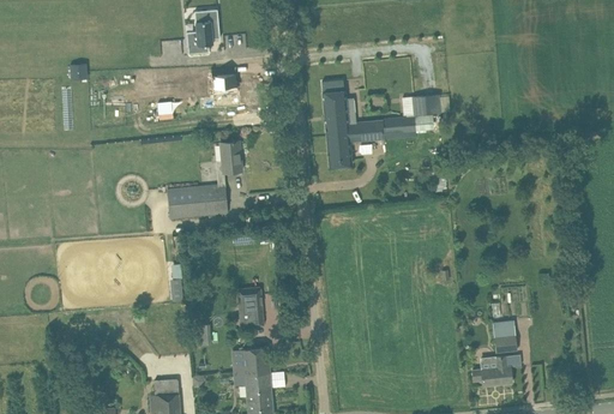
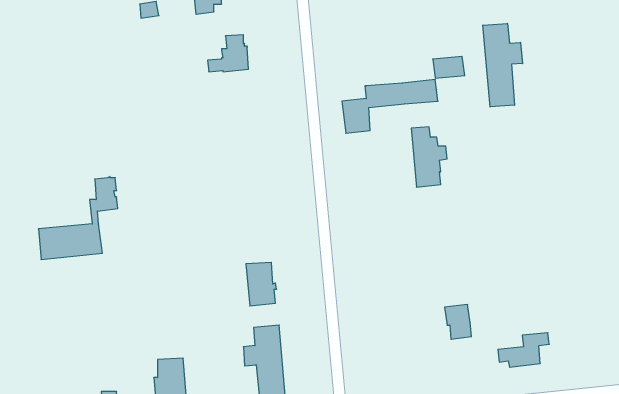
building: none -> [483,23,523,107]
building: [321,80,355,137] -> [411,127,447,187]
building: [168,140,242,218] -> [38,177,118,260]
building: [492,319,517,352] -> [445,305,471,339]

